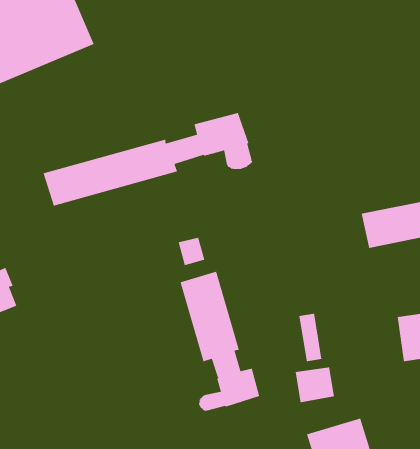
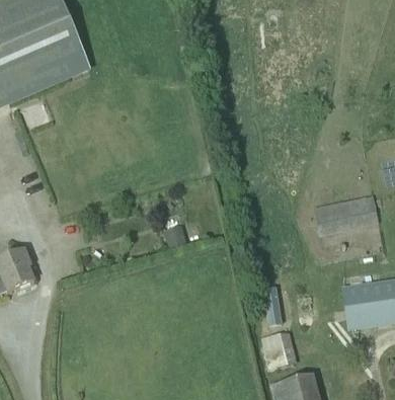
building: [43,112,253,207] -> none
building: [180,271,260,412] -> none

